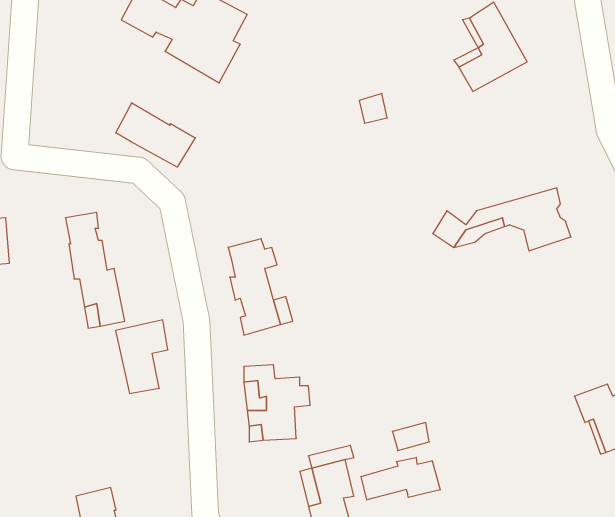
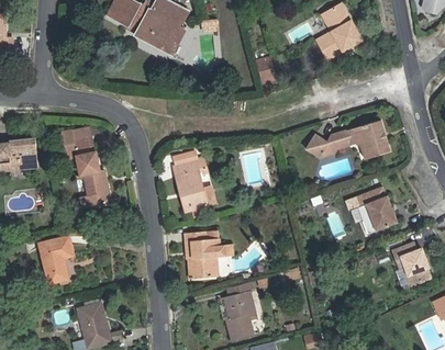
building: [116,103,195,167] -> none
building: none -> [354,185,398,230]
building: [116,320,168,393] -> [40,236,73,282]
building: [361,457,440,500] -> none

